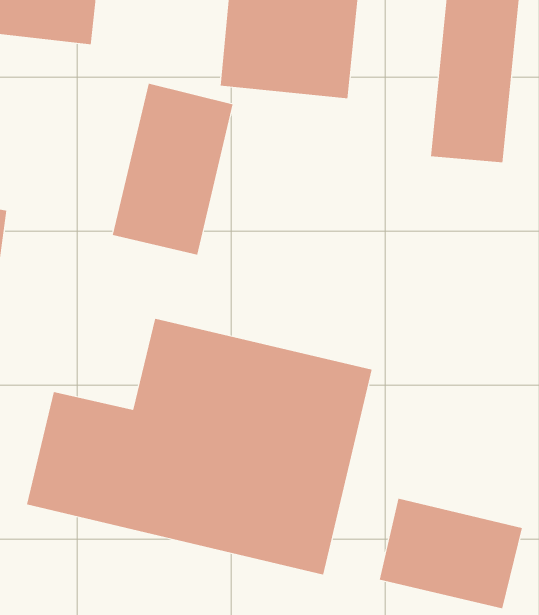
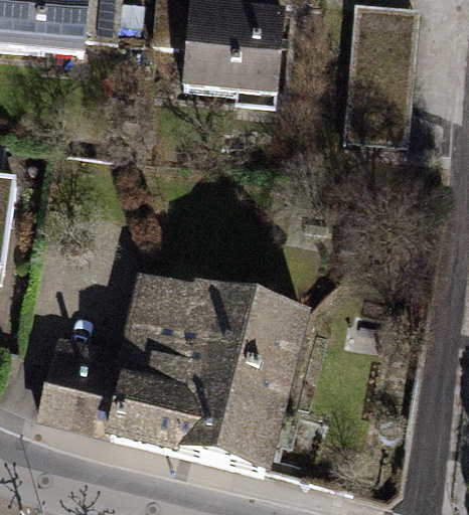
building: [112,83,233,255] -> none
building: [379,498,523,609] -> none

